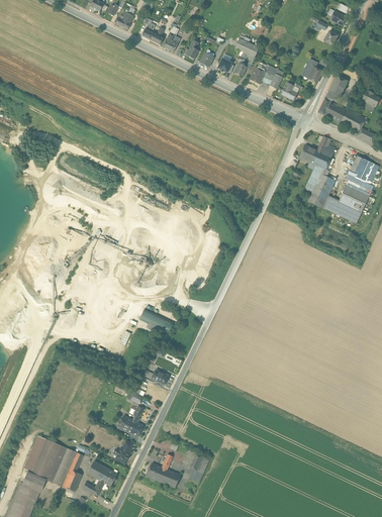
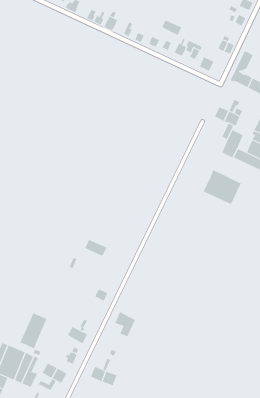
building: none -> [203,169,241,205]
building: none -> [20,312,47,349]
building: [182,451,208,483] -> [115,312,136,337]

